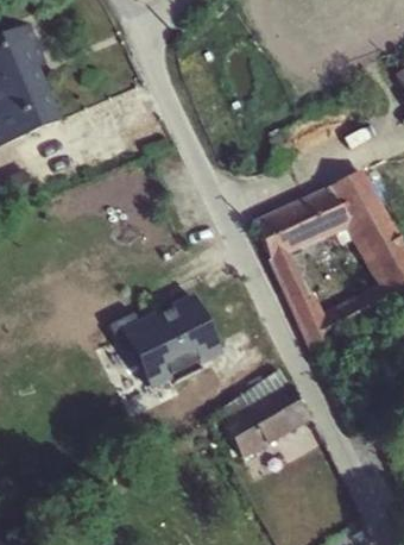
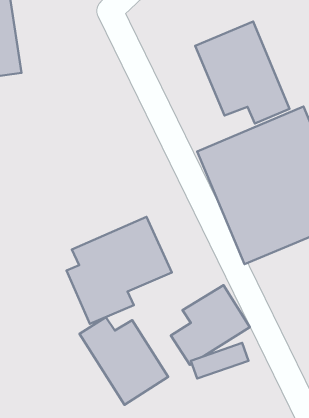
building: none -> [195,21,290,123]
building: none -> [79,317,168,405]

